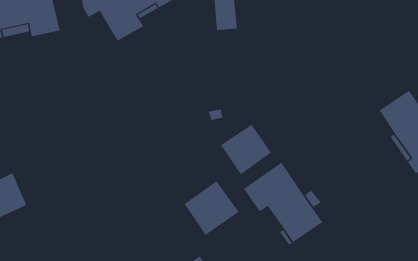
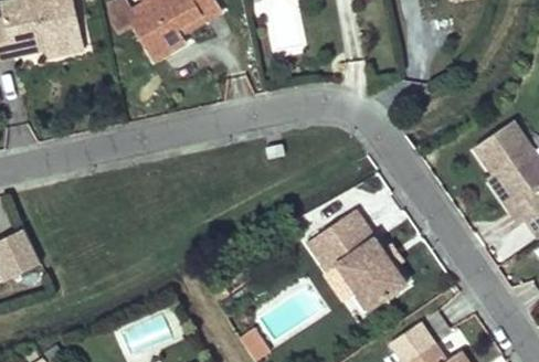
building: [220,124,272,175] -> none
building: [184,180,240,236] -> none

